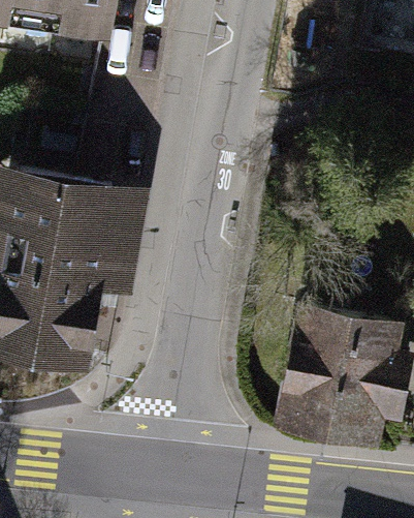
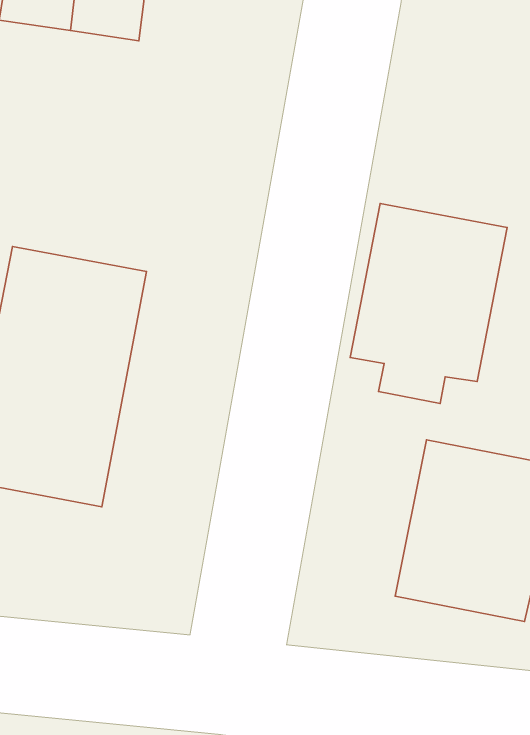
building: none -> [350,203,507,404]

